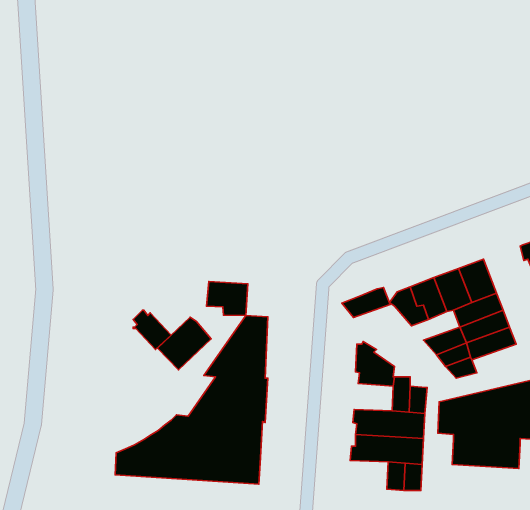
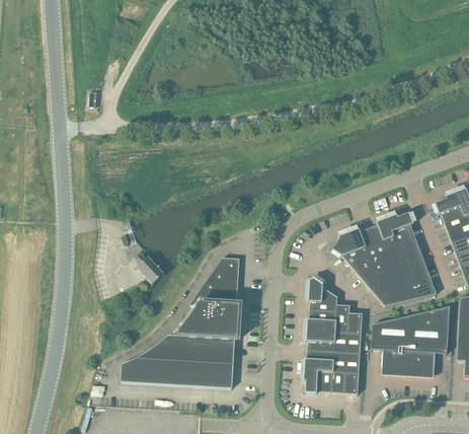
building: [206,281,248,315] -> none
building: [342,287,390,318] -> [350,254,388,277]
building: [157,317,211,370] -> none
building: none -> [397,280,437,302]
building: none -> [306,310,336,332]
building: none -> [303,370,332,394]

